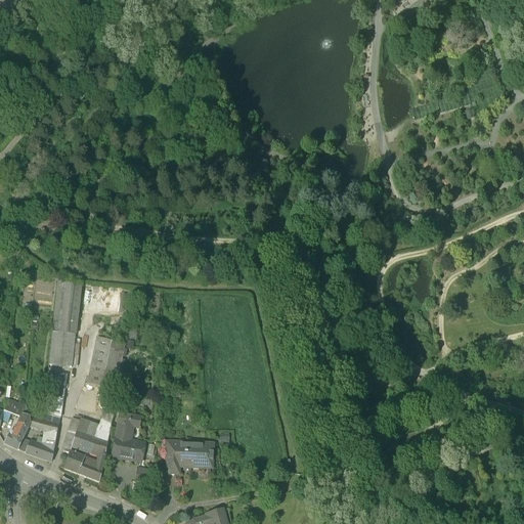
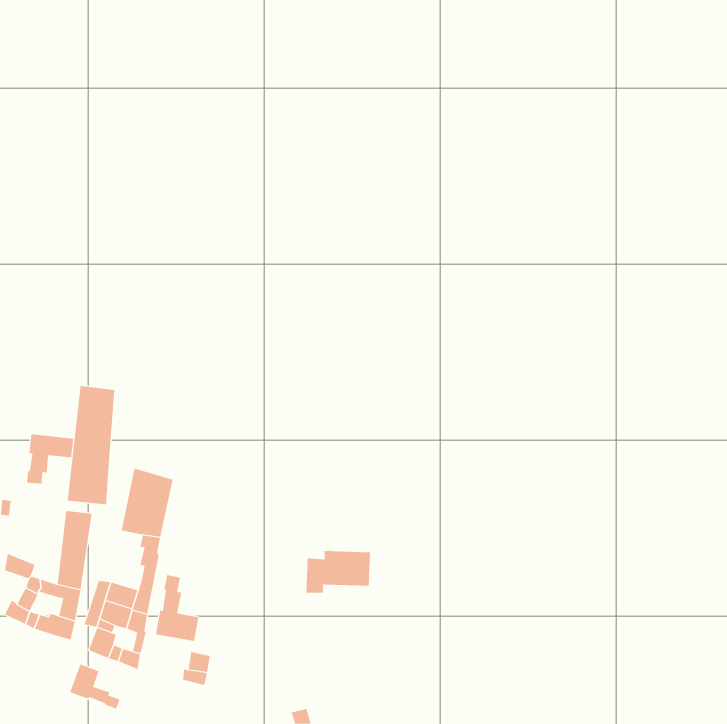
building: none -> [27,433,74,484]
building: [165,442,212,473] -> [305,551,371,593]
building: none -> [69,664,120,709]

